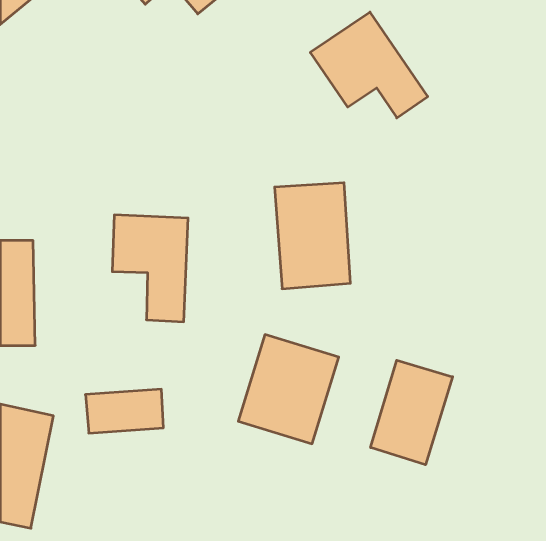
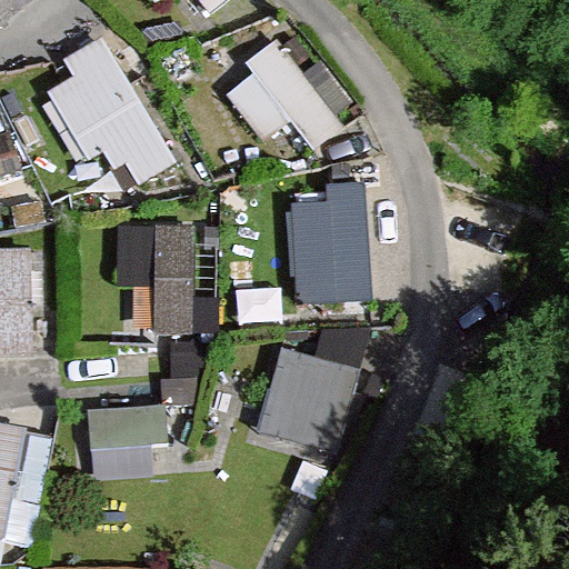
building: [310,12,428,118] -> [228,30,350,140]
building: none -> [44,36,169,196]
building: [371,360,453,465] -> none

